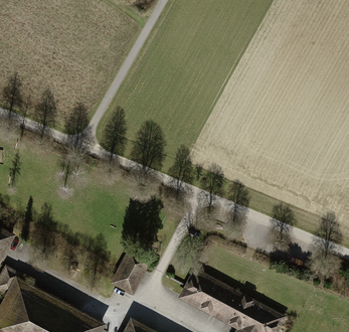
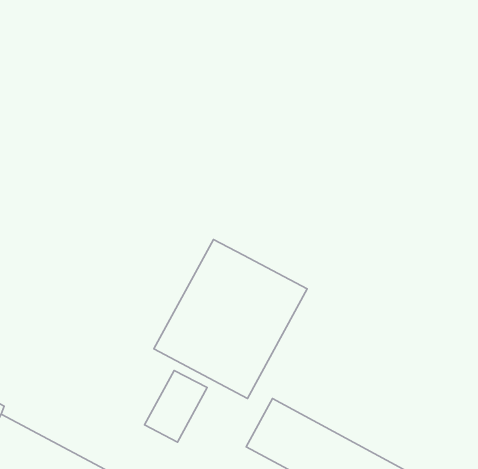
building: none -> [154,239,307,398]

